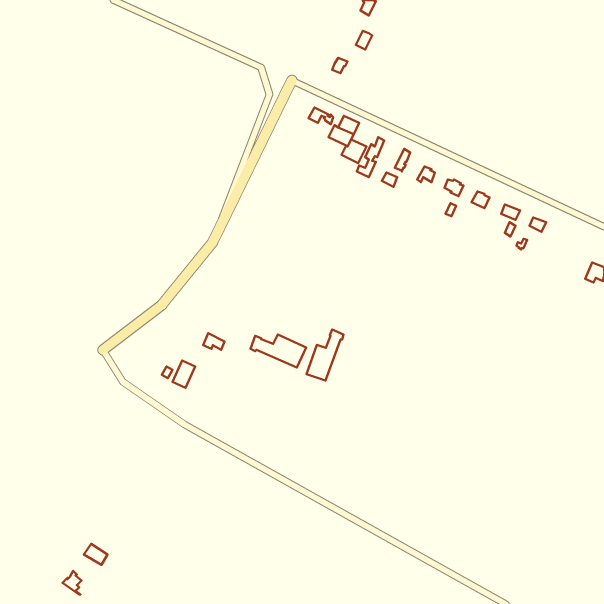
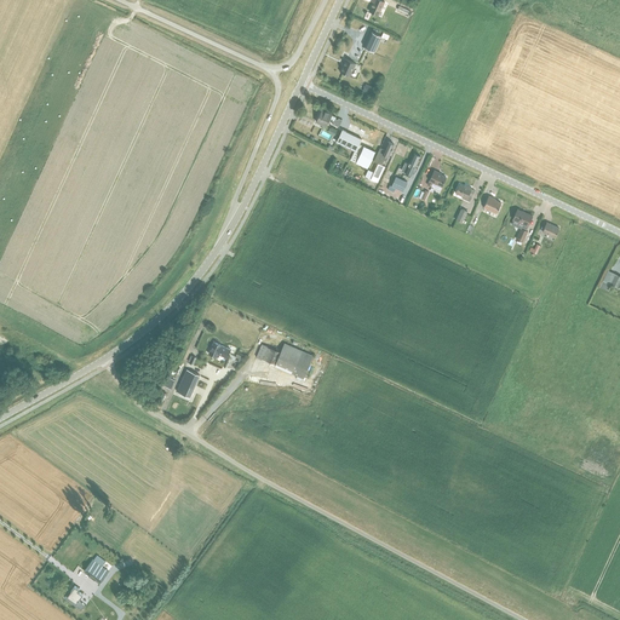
building: [307,329,344,380] -> none

